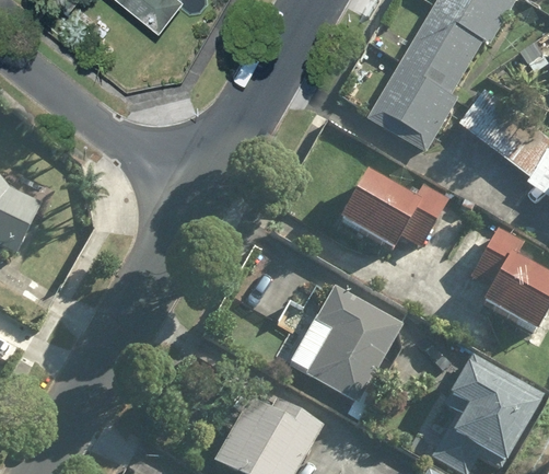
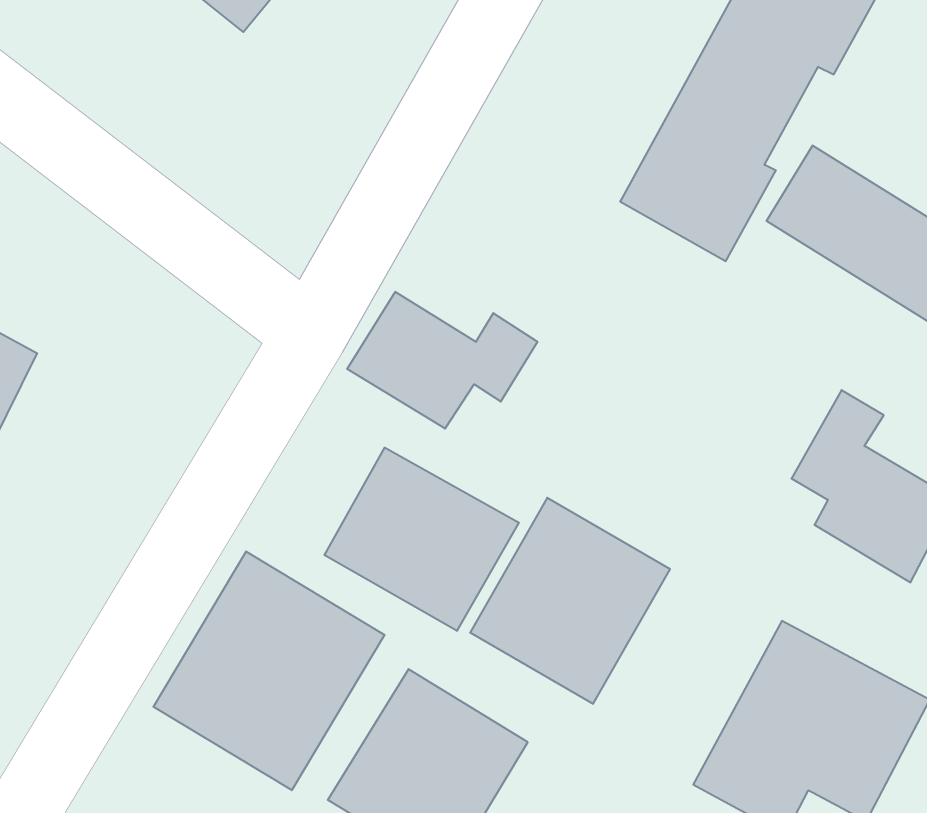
building: [339,173,447,251] -> [347,292,538,429]
building: none -> [324,448,519,631]
building: none -> [153,551,385,790]

